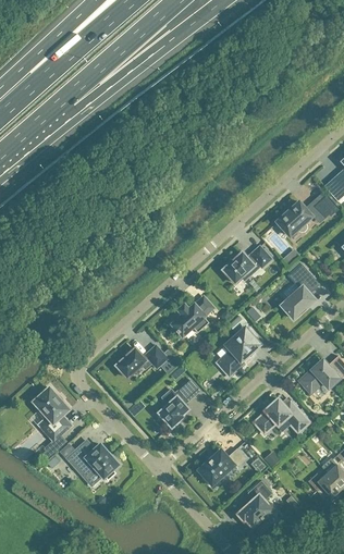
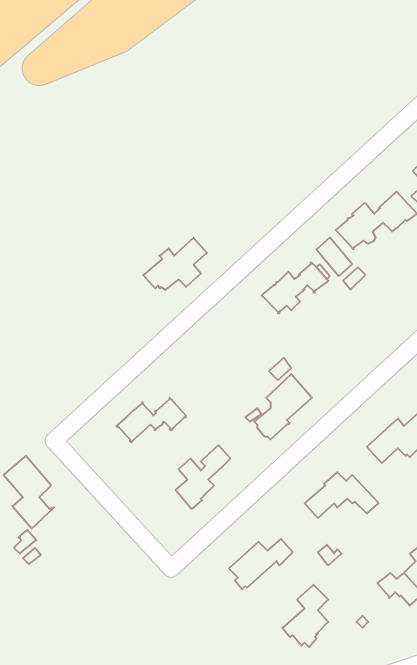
building: [281,263,319,318] -> none
building: [165,296,212,334] -> [143,238,207,290]
building: [66,443,118,479] -> none

